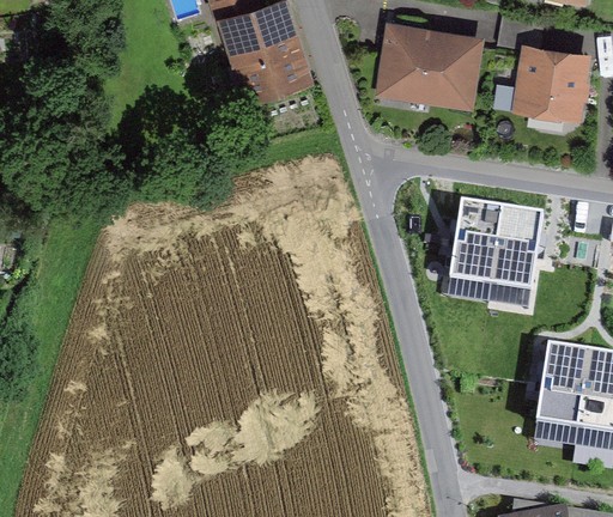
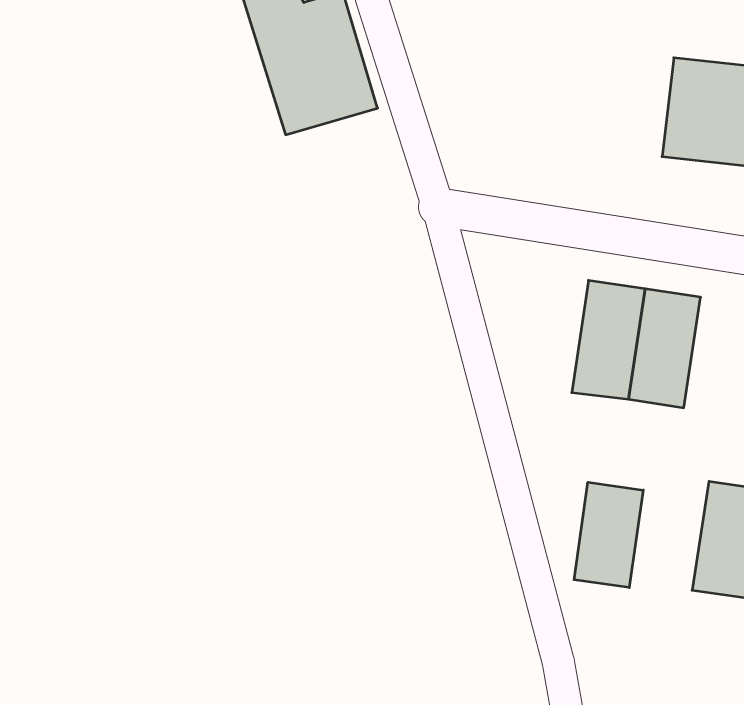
building: [374,22,480,110] -> none
building: none -> [574,482,643,588]

